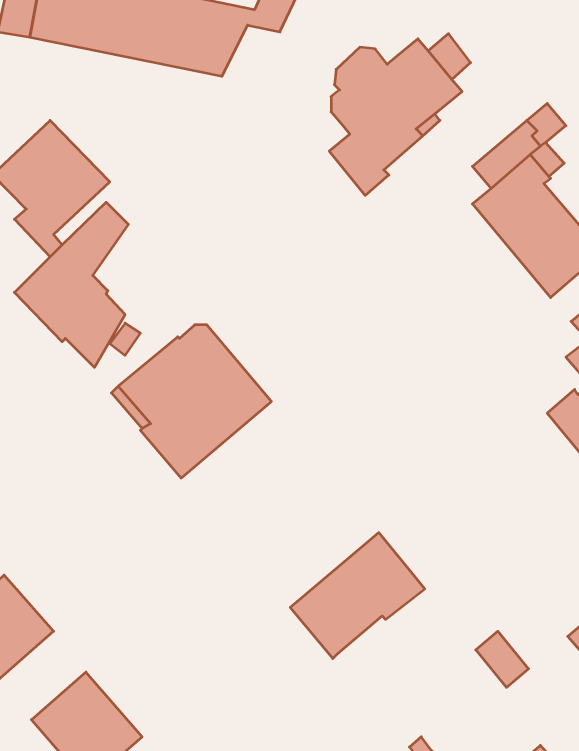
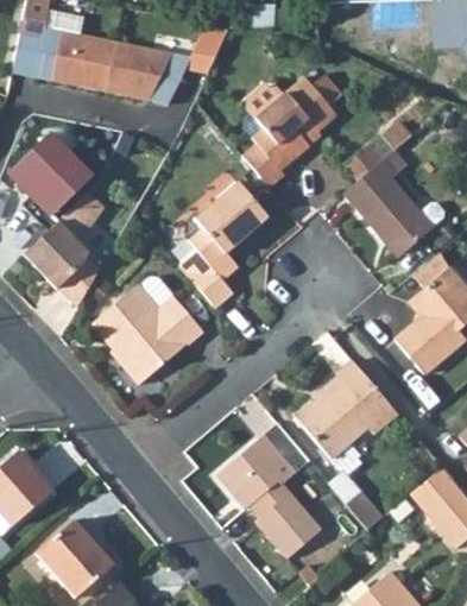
building: none -> [179,182,269,307]
building: none -> [296,359,398,459]
building: none -> [250,480,322,558]

